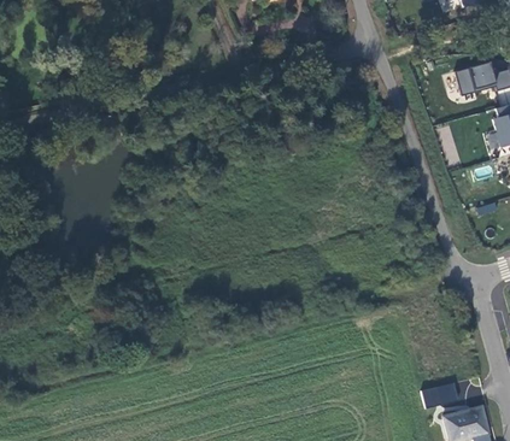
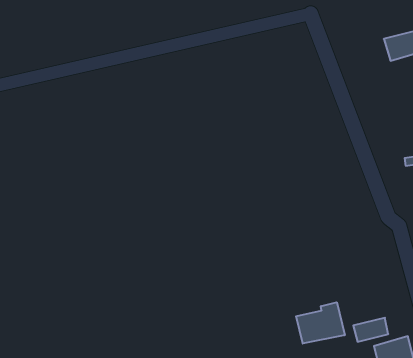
building: none -> [296,302,345,344]

